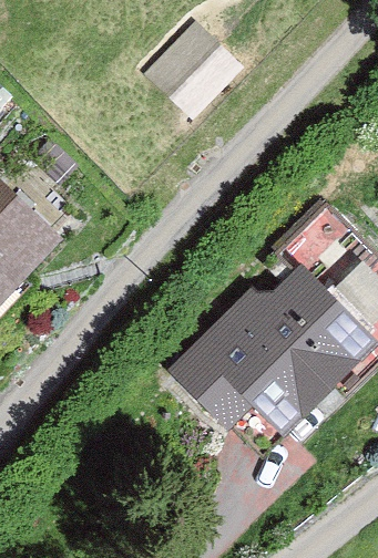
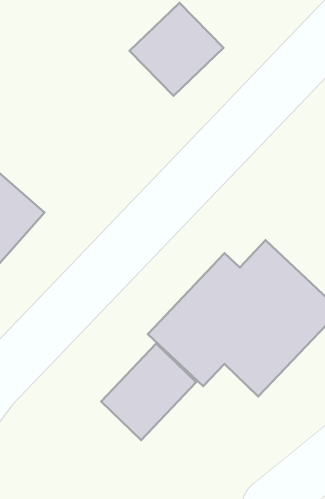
building: none -> [101,344,196,440]

